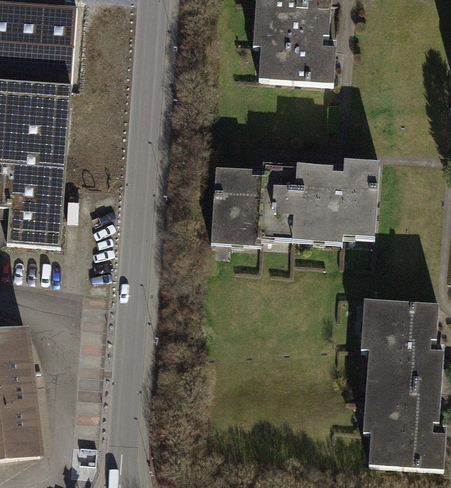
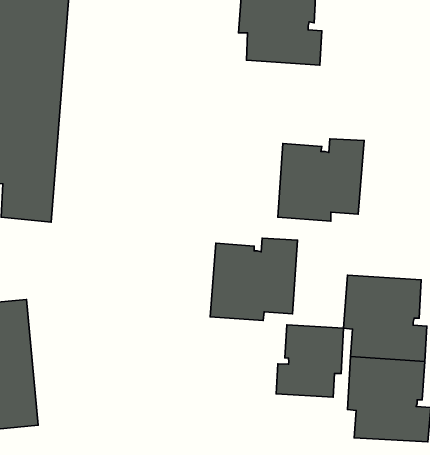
building: [206,163,295,247] -> [210,238,297,321]
building: none -> [276,325,344,397]

